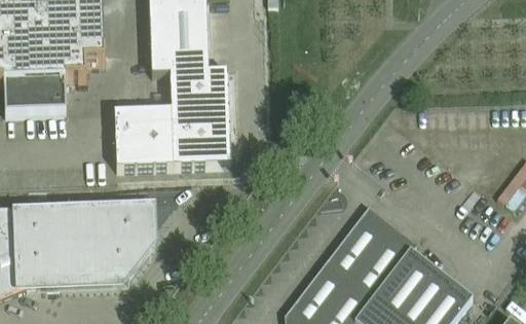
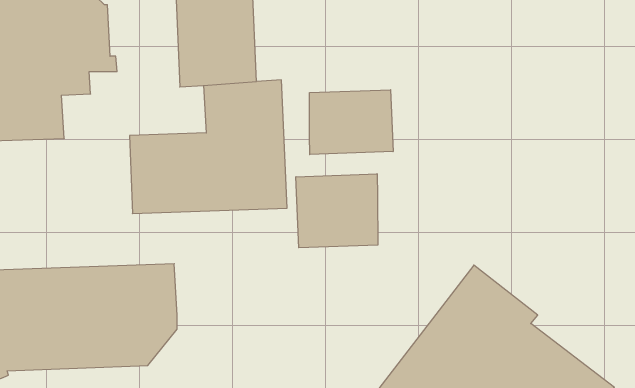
building: none -> [309,90,393,155]
building: none -> [296,174,378,248]

